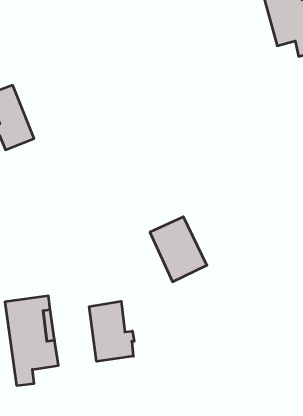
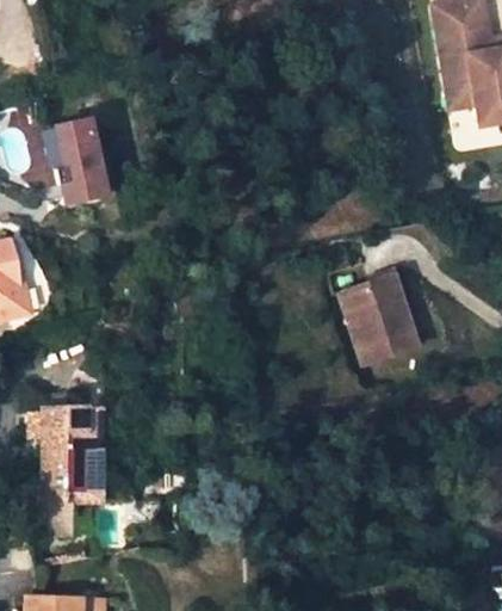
building: [150,217,207,282] -> [345,278,416,364]
building: [89,301,134,361] -> none

